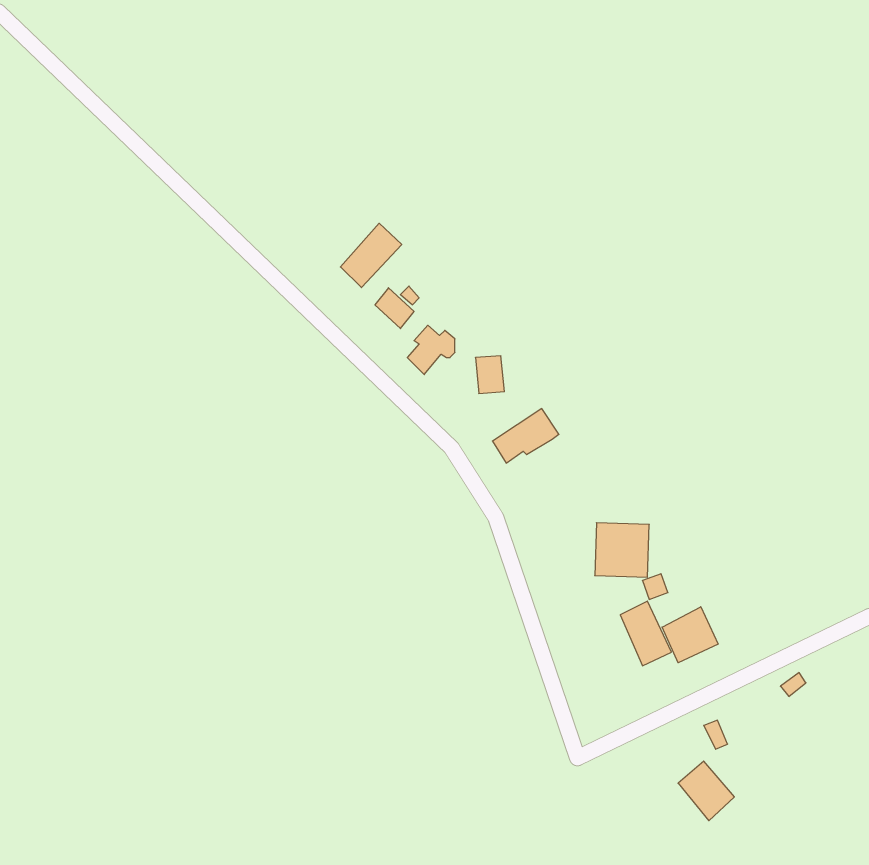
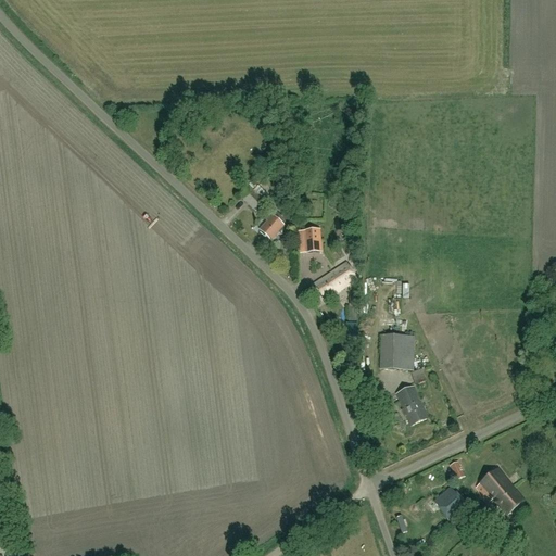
building: [340,223,402,288] -> none
building: [662,607,718,663] -> none
building: none -> [473,466,523,515]

